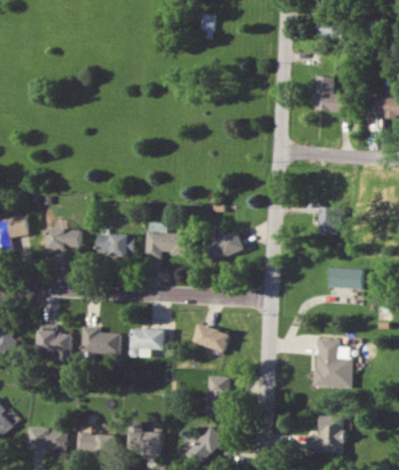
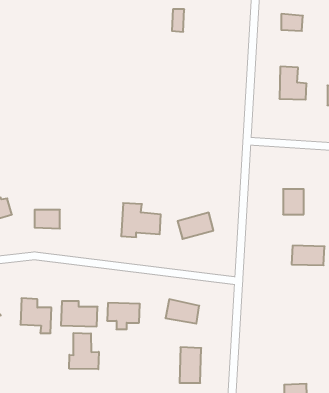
building: [97,233,134,256] -> none
building: [314,338,352,387] -> none
building: none -> [69,333,99,369]

